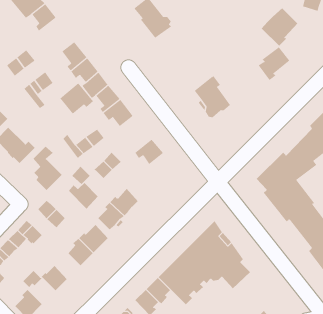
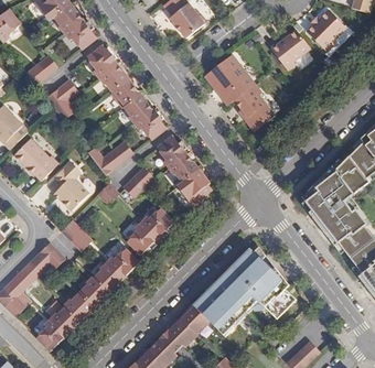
building: none -> [62,20,96,50]
building: [258,47,290,81] -> [272,30,308,67]
building: none -> [205,54,253,105]
building: [59,83,94,115] -> none
building: none -> [158,136,186,169]
building: none -> [176,169,212,208]
building: [68,182,99,209] -> none
building: none -> [79,277,108,307]
building: none -> [50,306,81,335]

